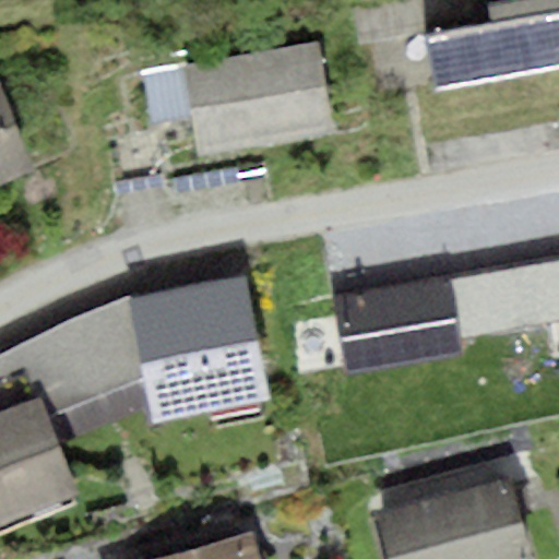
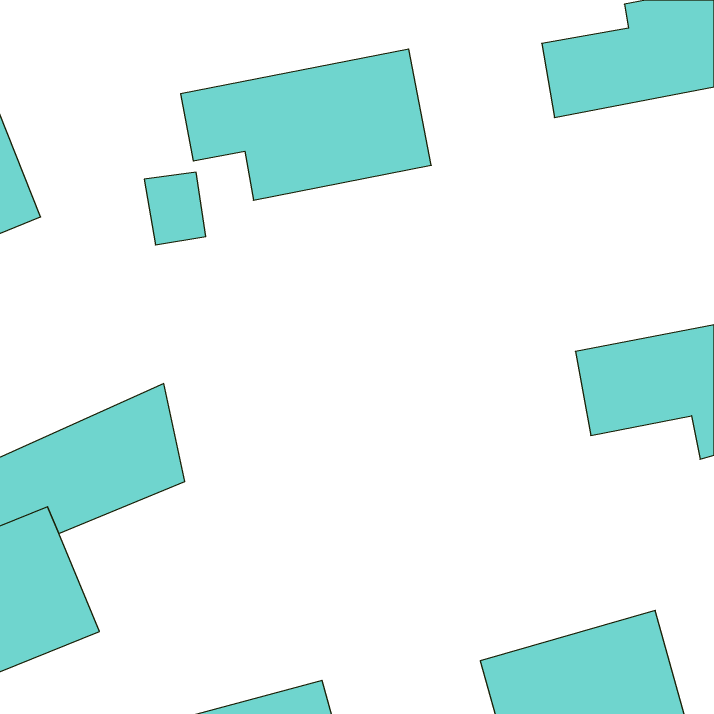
building: [332,275,463,372] -> none
building: [128,276,271,426] -> none

